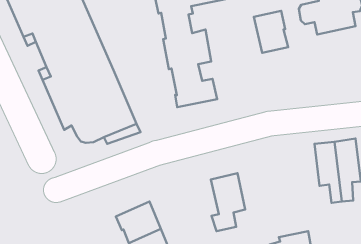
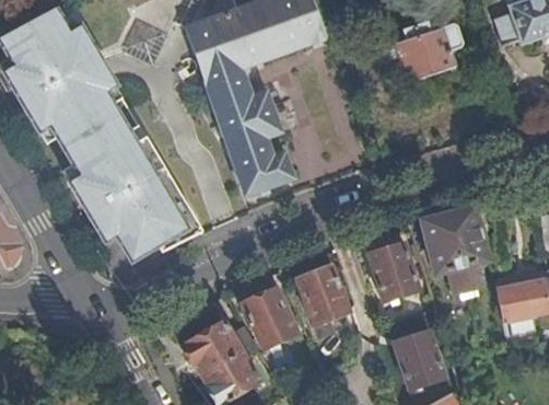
building: [254,11,288,53] -> none
building: none -> [370,244,418,301]
building: none -> [245,289,295,348]

